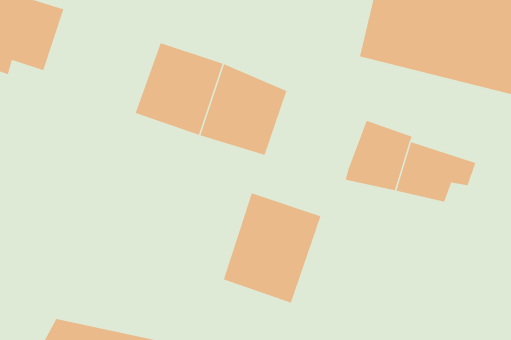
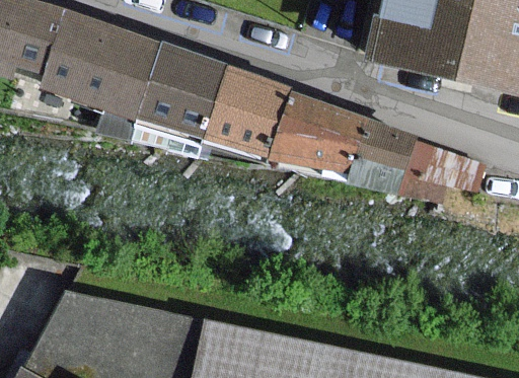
building: none -> [44,10,164,115]
building: none -> [270,92,371,170]
building: [223,192,321,304] -> none

